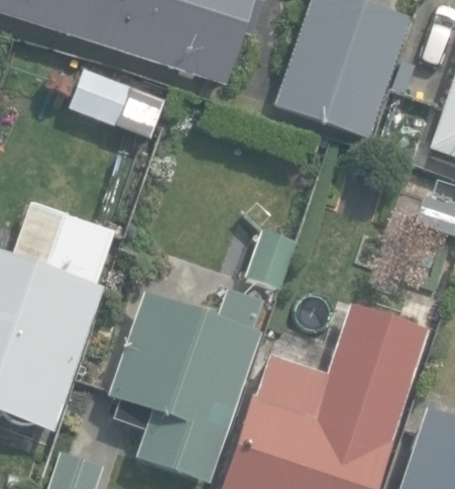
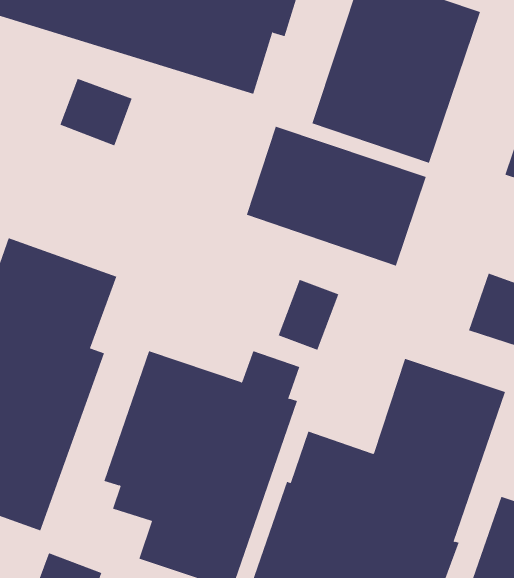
building: none -> [246,126,426,267]

